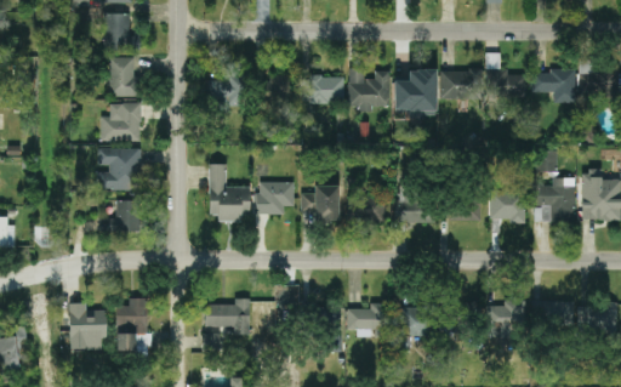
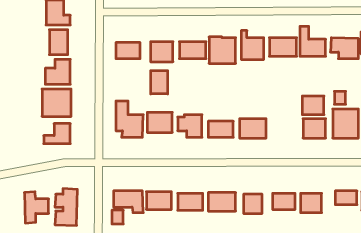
building: none -> [151,71,168,94]
building: [449,193,482,221] -> [302,96,324,115]

